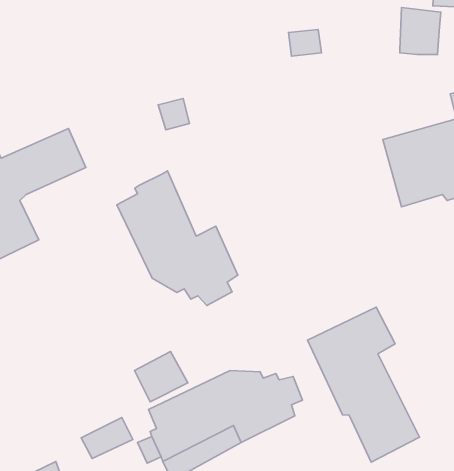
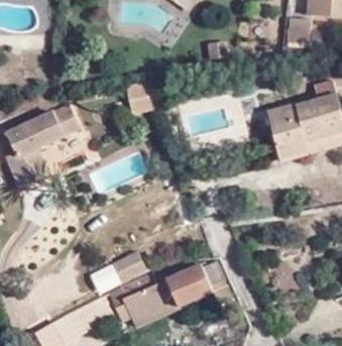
building: [117,171,238,306] -> none
building: [308,307,419,462] -> none

